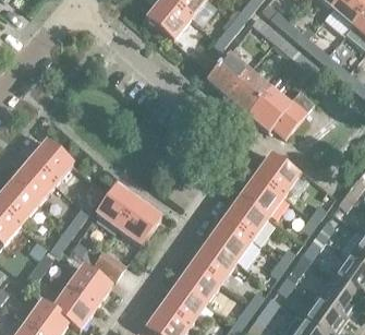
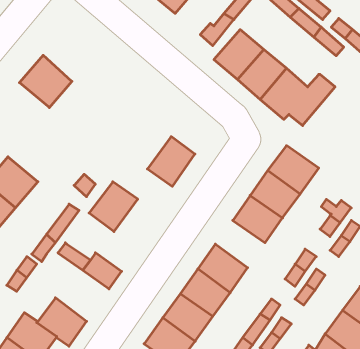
building: [27,140,73,186] -> [19,55,72,108]
building: [120,201,161,244] -> [147,137,195,186]
building: [208,219,252,261] -> none
building: [69,265,112,308] -> none

